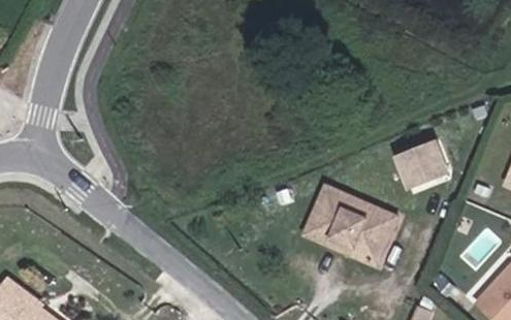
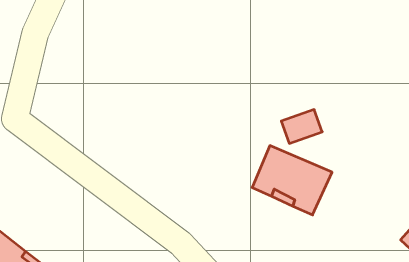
building: [400,147,447,186] -> [281,110,322,143]

